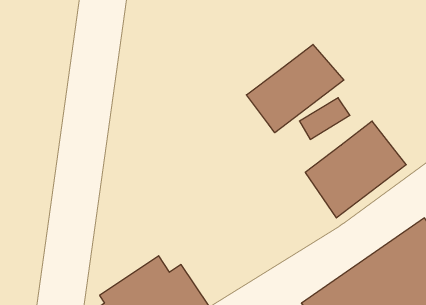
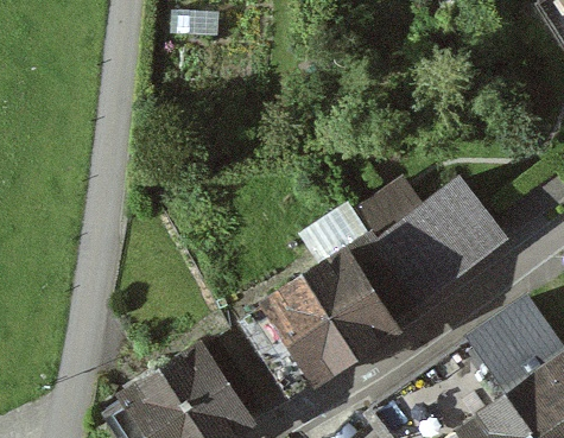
building: [246,44,344,133] -> none
building: none -> [251,237,423,394]

